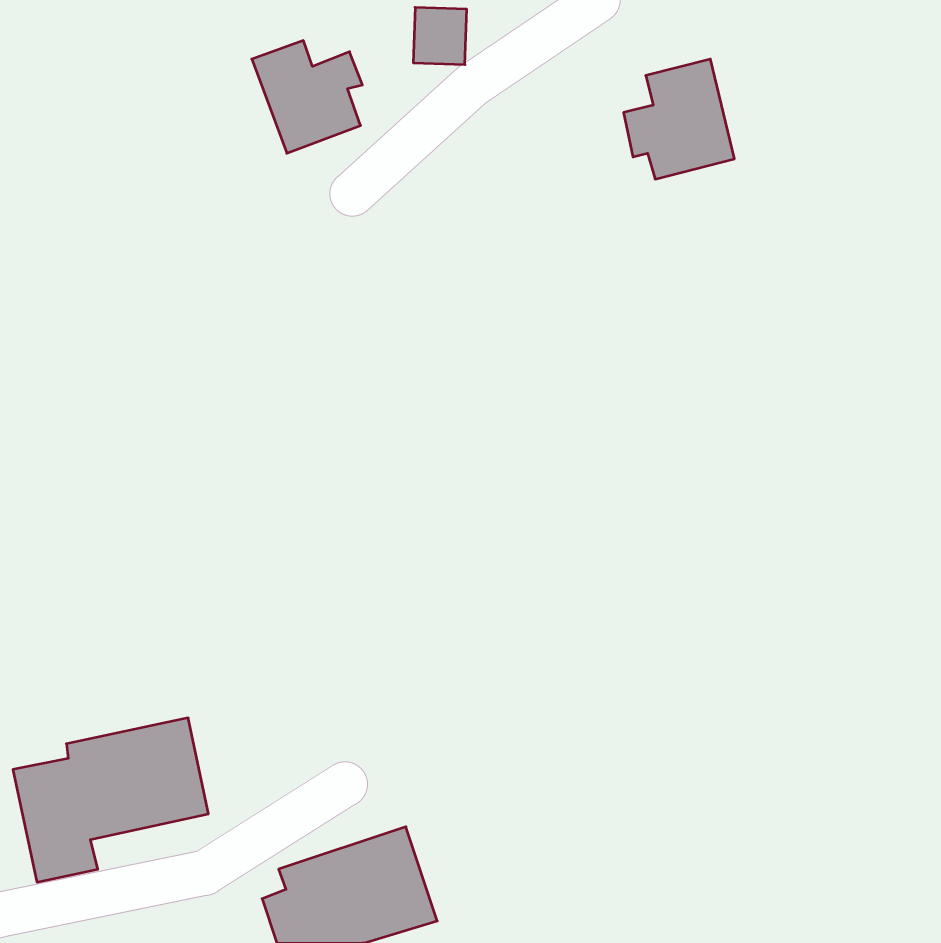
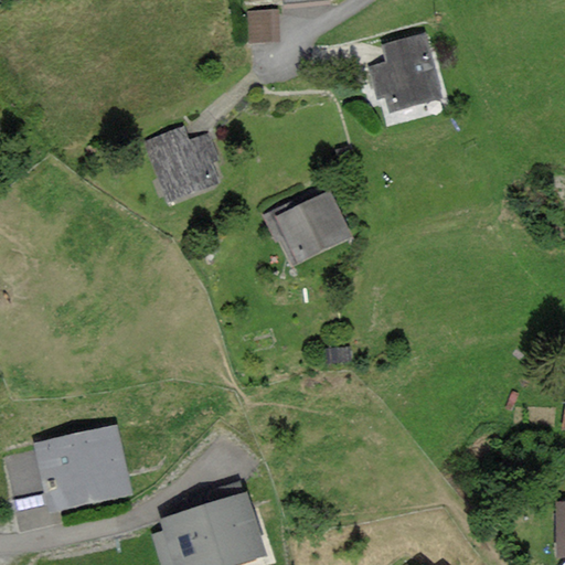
building: [252,41,362,153] -> [149,130,215,198]
building: none -> [269,194,348,262]

